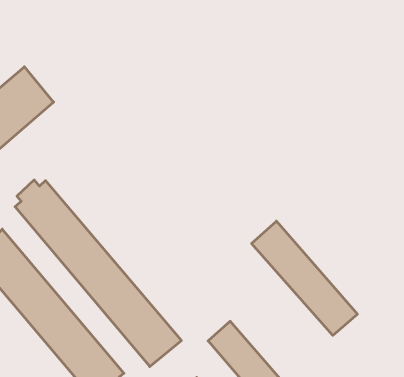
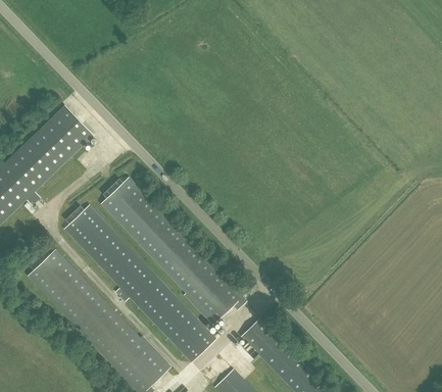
building: none -> [100,178,246,325]
building: [252,221,357,335] -> none

